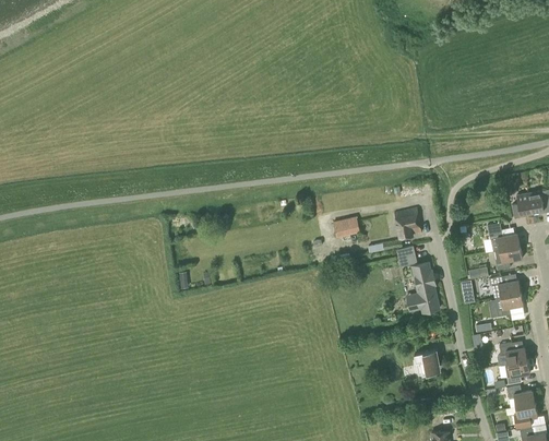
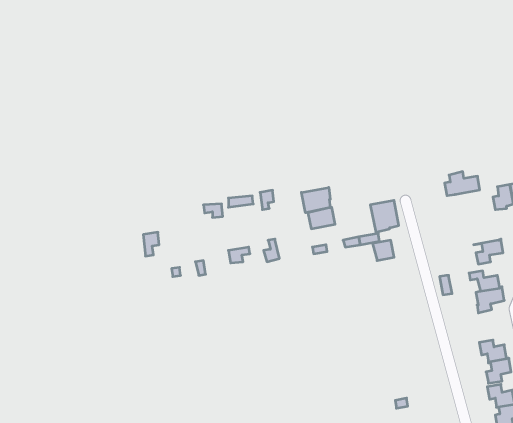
building: none -> [301,187,330,213]
building: [484,228,517,251] -> [445,172,480,196]
building: [407,262,439,312] -> none
building: [415,349,441,374] -> none

